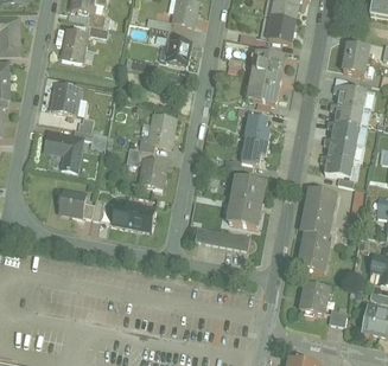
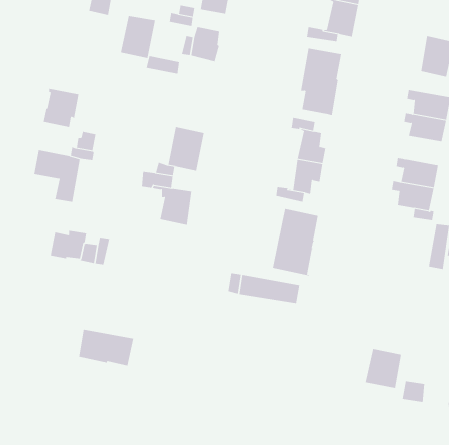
building: [61,27,88,60] -> [120,15,156,59]
building: [325,120,358,142] -> none
building: [298,187,335,271] -> none
building: [112,201,154,230] -> [79,329,134,366]

